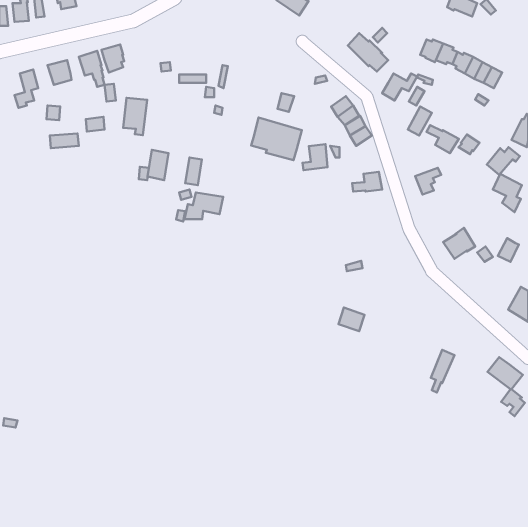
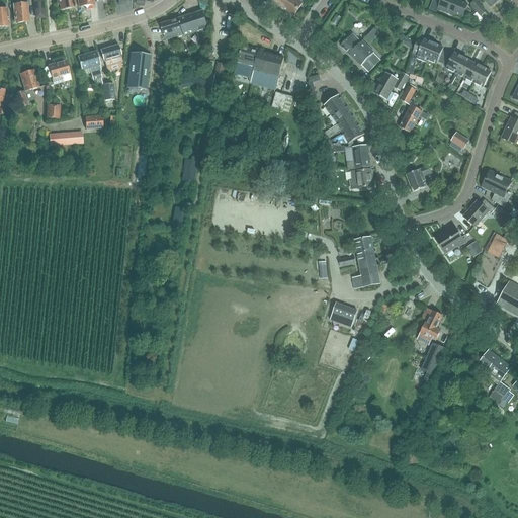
building: none -> [160,9,207,38]
building: [123,98,147,135] -> [126,52,150,88]
building: [251,118,302,160] -> [234,45,283,86]
building: [427,125,459,153] -> none
building: [303,144,327,170] -> [346,144,370,169]
building: [487,147,520,175] -> [462,198,495,226]
building: [148,150,169,180] -> none
building: [185,193,223,219] -> none
building: none -> [353,237,380,288]
building: none -> [417,307,442,342]

